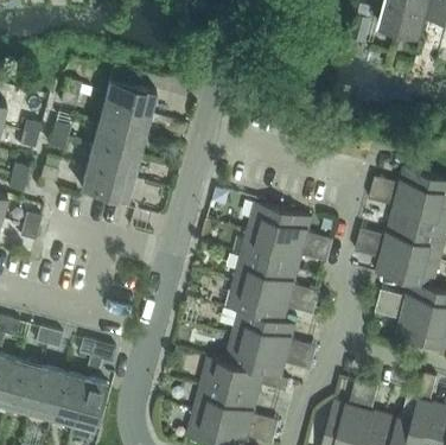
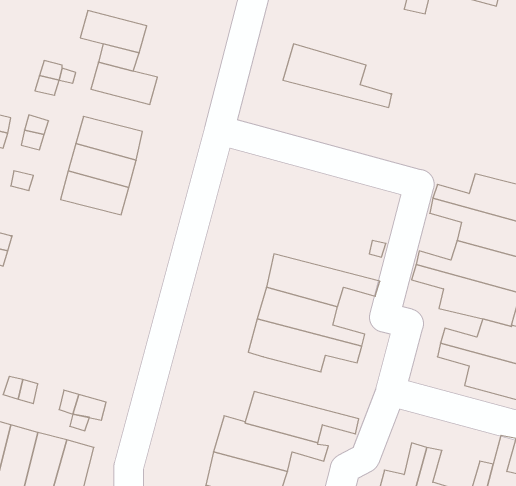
building: [97,102,149,135] -> [80,11,147,53]
building: [247,203,332,253] -> [283,44,392,107]
building: [231,312,317,361] -> none

